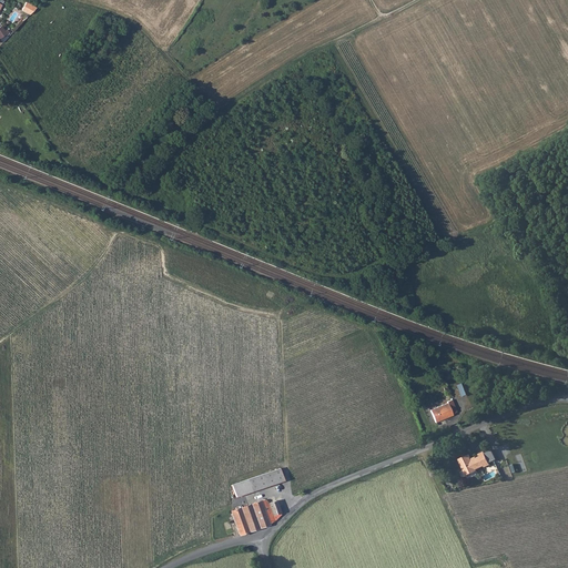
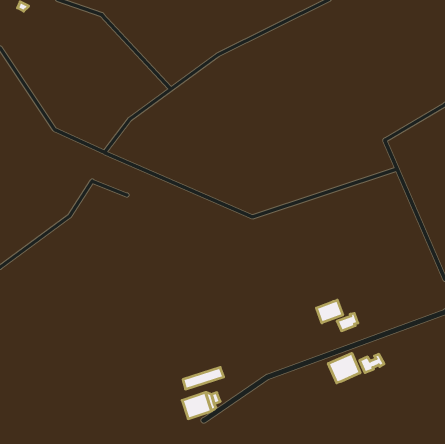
building: none -> [316,300,343,323]
building: none -> [328,353,360,383]

